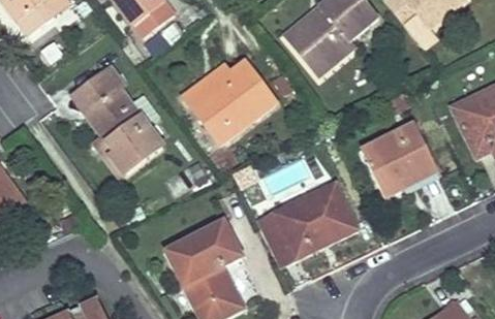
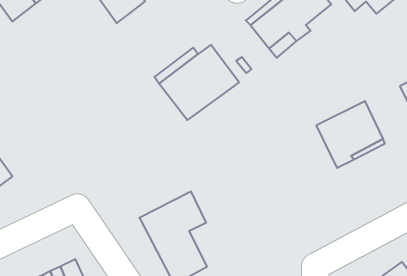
building: [81,67,161,176] -> none
building: [255,182,357,267] -> none

